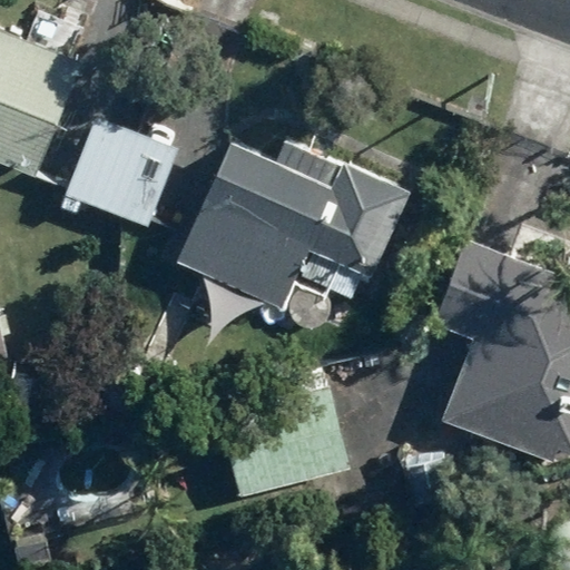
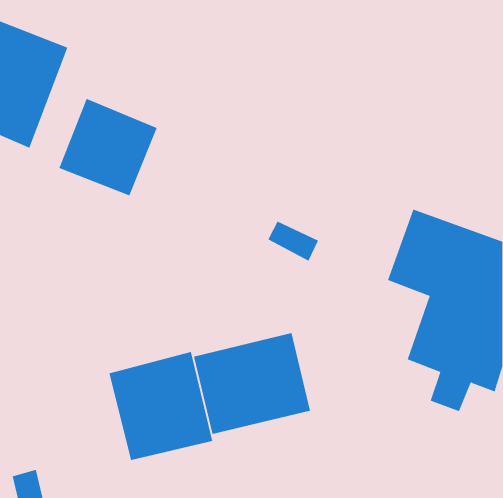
building: [175,141,410,308] -> none
building: none -> [109,351,213,461]

